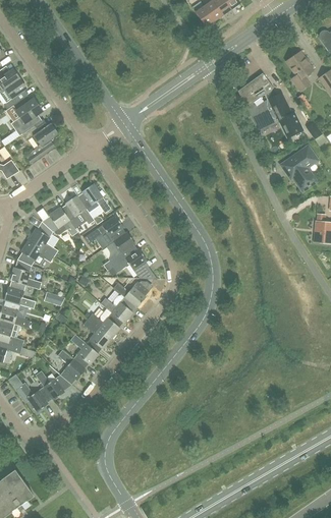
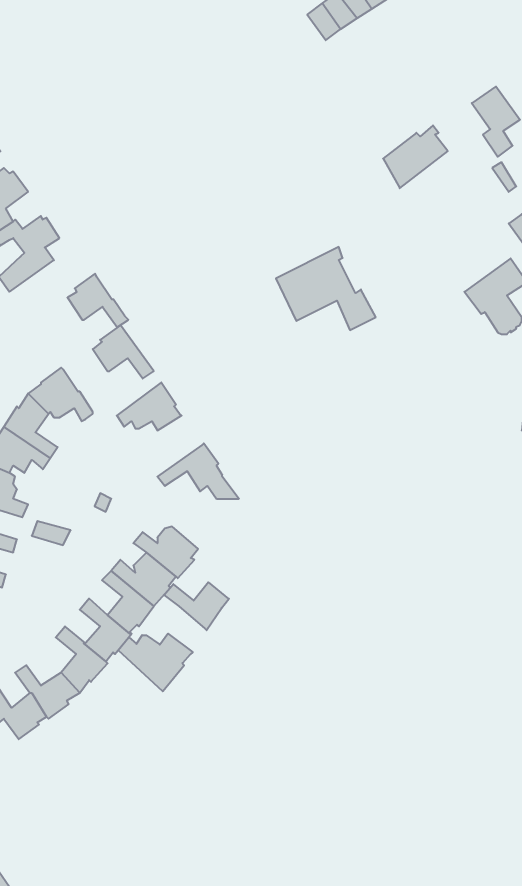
building: [247,92,302,137] -> [276,247,376,330]
building: [61,194,95,224] -> [67,274,128,327]
building: [103,232,137,271] -> none
building: [113,281,149,307] -> [164,582,229,630]
building: none -> [118,634,193,691]

